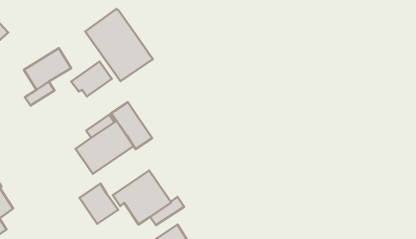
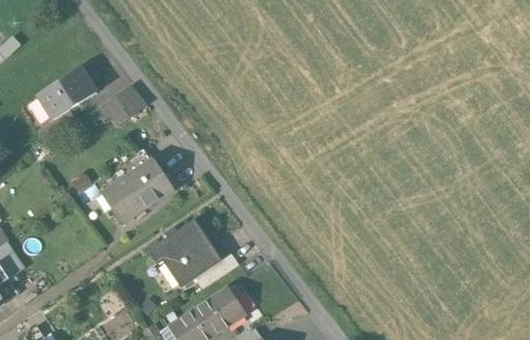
building: [85,9,153,81] -> none
building: [111,102,152,149] -> none
building: [79,184,118,224] -> none

